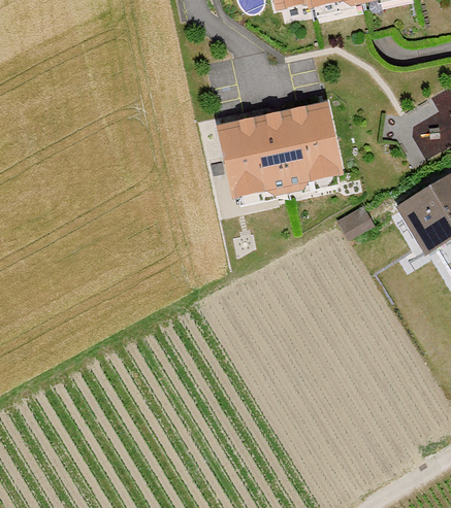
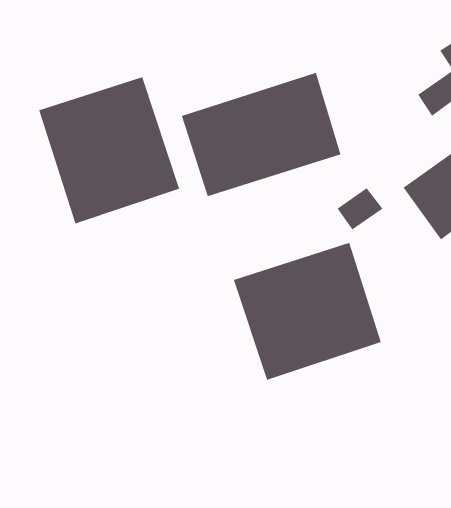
building: none -> [38,76,180,224]
building: none -> [233,242,382,381]

